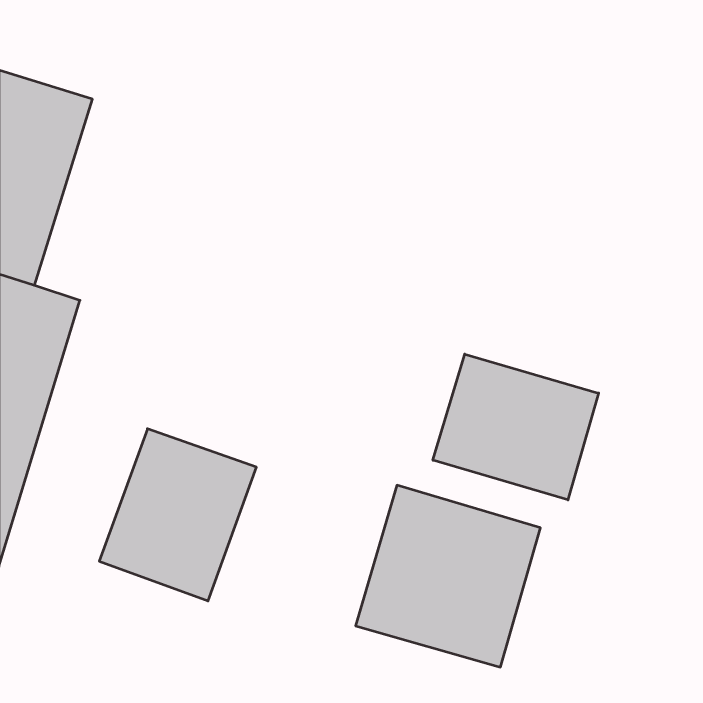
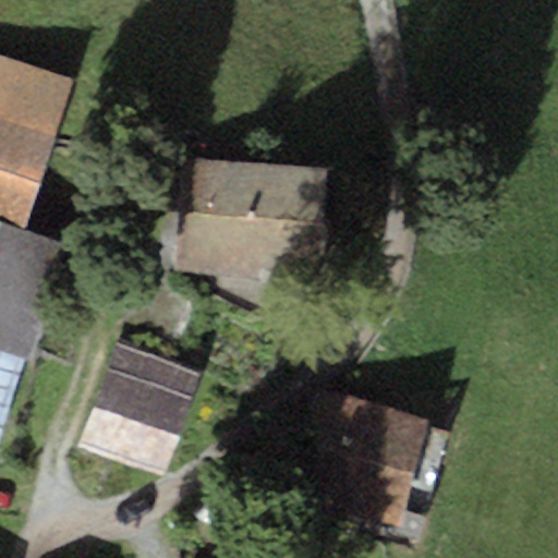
building: none -> [174,157,328,280]
building: [433,354,599,500] -> none

